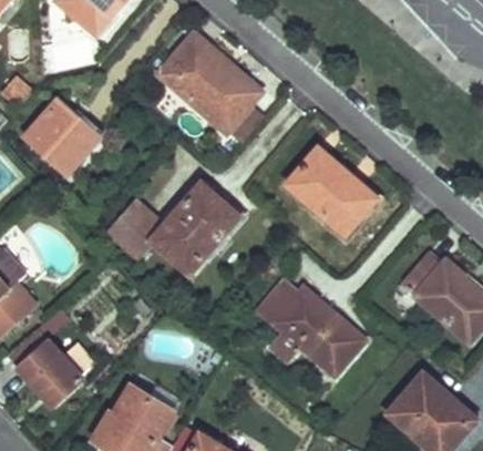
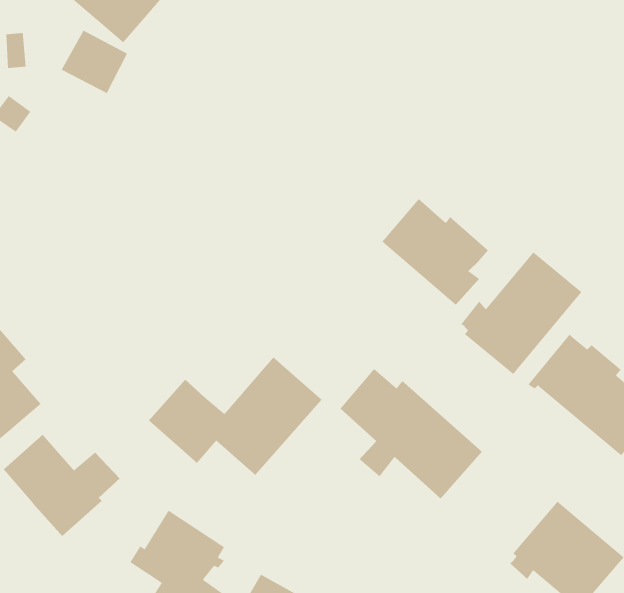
building: [161,37,259,132] -> none
building: [25,102,102,173] -> none
building: [110,184,239,273] -> [148,356,322,476]
building: none -> [461,251,582,375]

